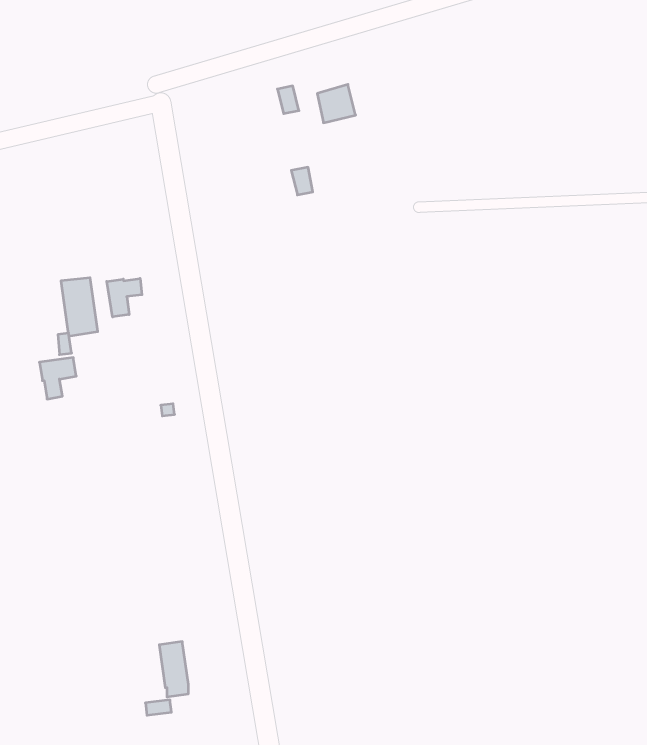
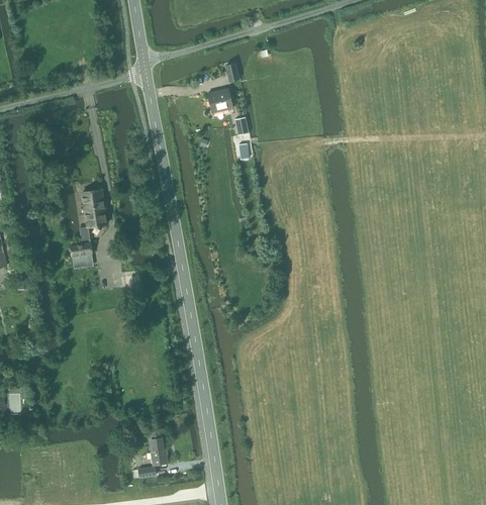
building: [317,84,356,123] -> [207,88,232,113]
building: [107,278,142,317] -> none

